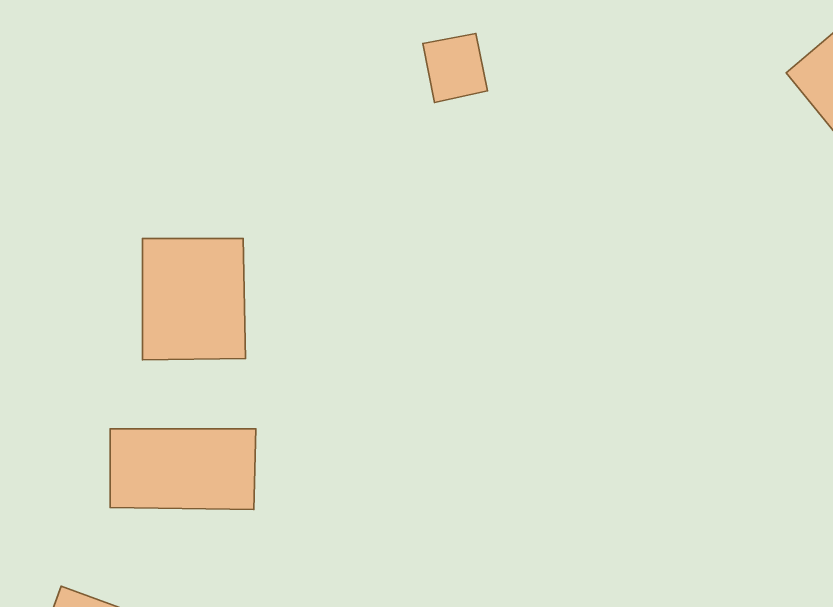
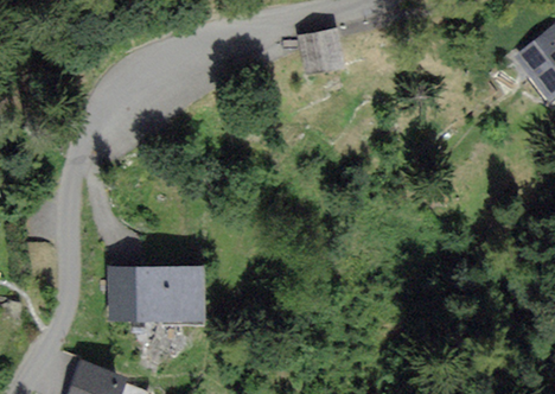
building: [142,239,246,360] -> none

